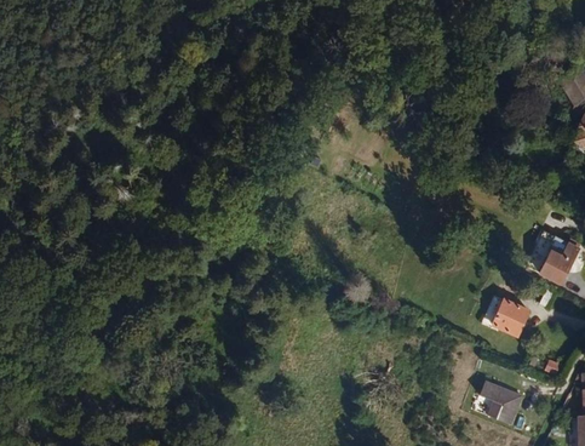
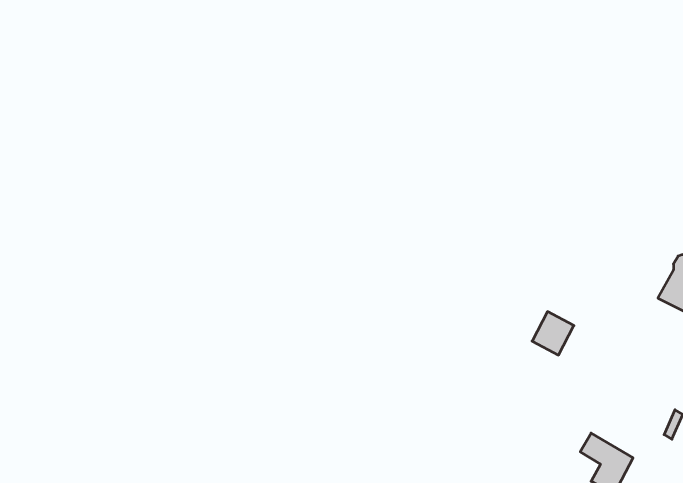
building: [495,301,528,334] -> [532,312,574,355]

